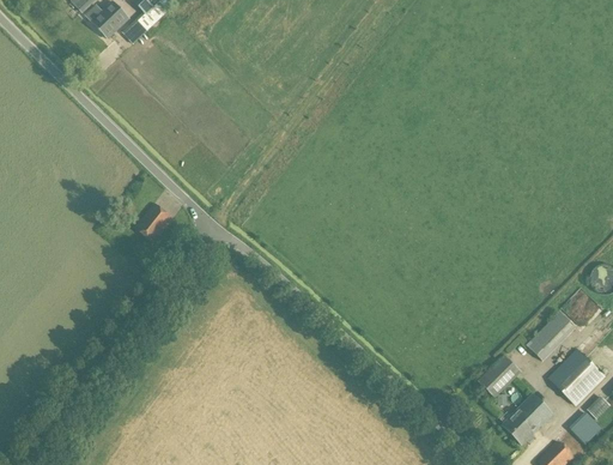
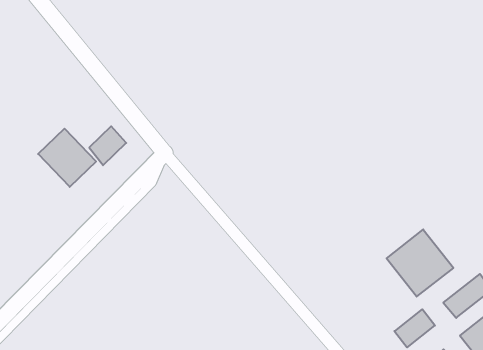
building: none -> [38,129,96,187]
building: none -> [387,229,453,297]

